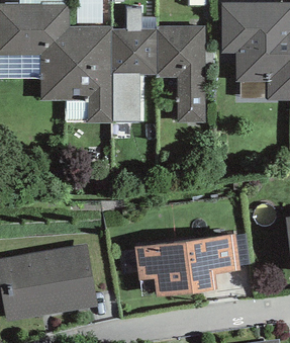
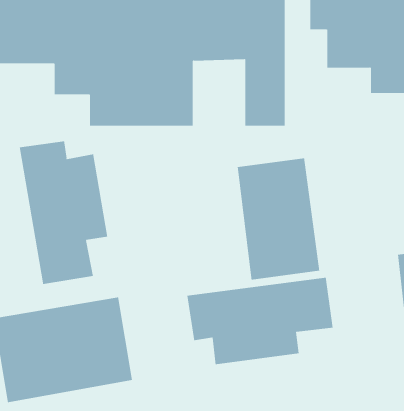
building: none -> [19,140,108,285]
building: none -> [237,158,320,281]

